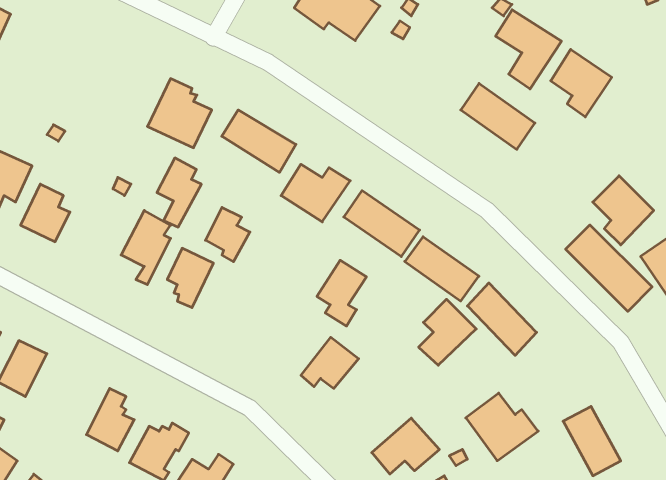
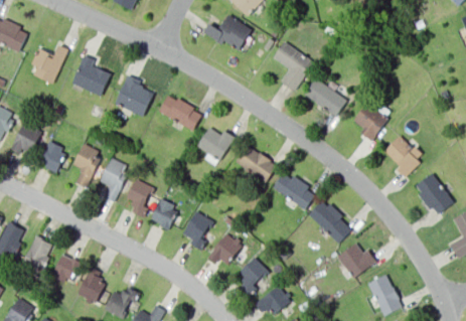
building: [496,10,561,89] -> [273,41,313,90]
building: none -> [31,44,69,84]
building: none -> [71,54,111,95]
building: [551,49,612,117] -> [352,101,390,142]
building: [157,158,201,227] -> [73,143,101,185]
building: [205,207,250,262] -> [150,197,177,230]
building: [566,225,652,311] -> none
building: [317,260,366,326] -> [182,211,212,252]
building: [419,299,476,365] -> [237,257,272,297]
building: none -> [50,253,83,281]
building: [466,393,538,461] -> [334,239,378,281]

